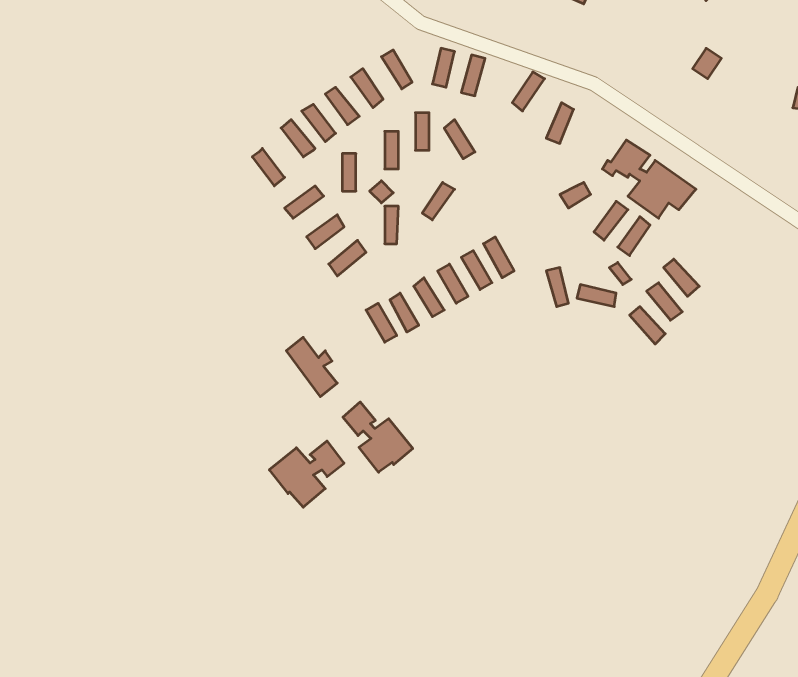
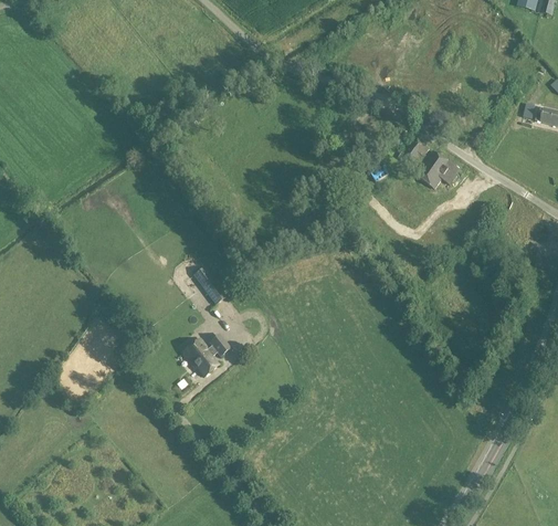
building: [343,402,413,472] -> none

